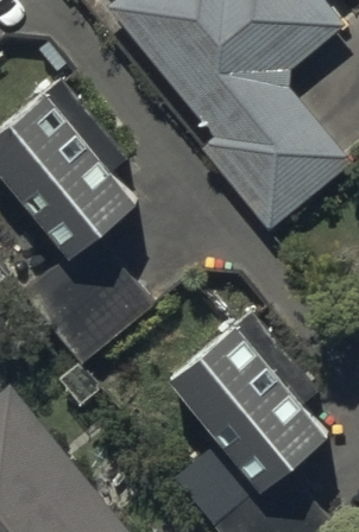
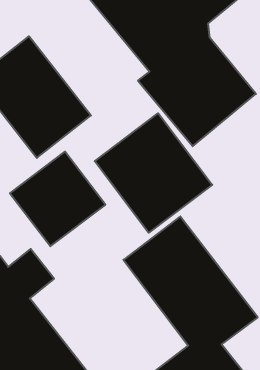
building: none -> [95,113,212,233]

